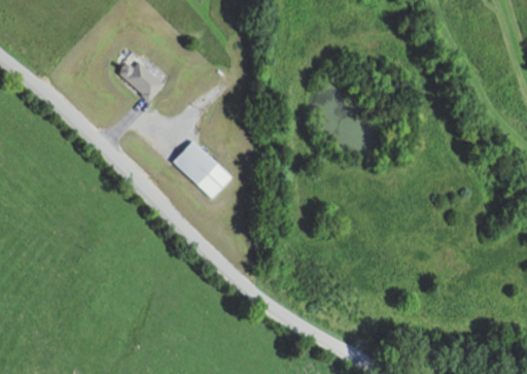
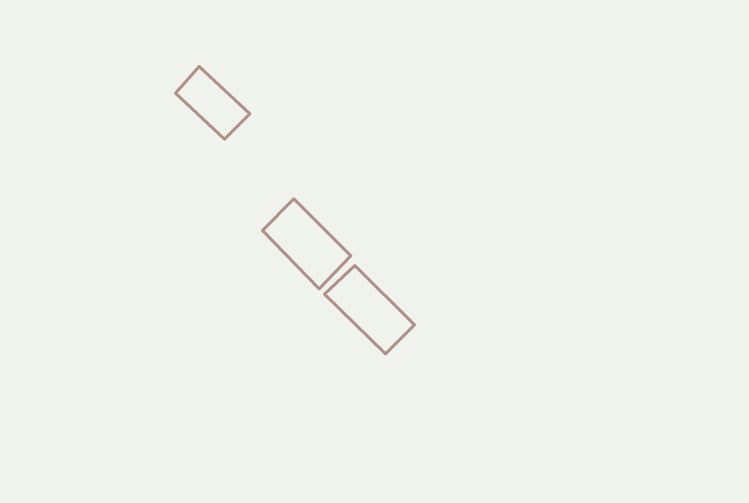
building: none -> [324,265,414,354]

